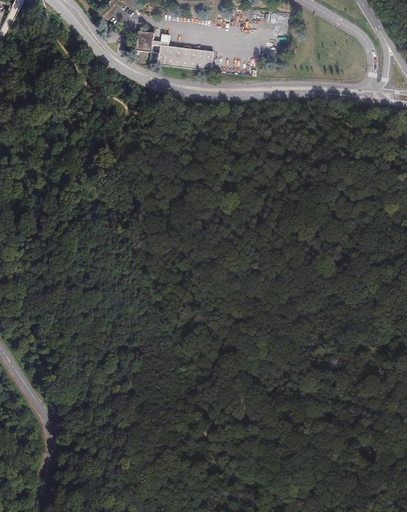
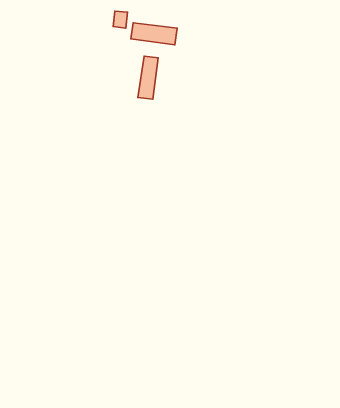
building: none -> [138,56,158,99]

